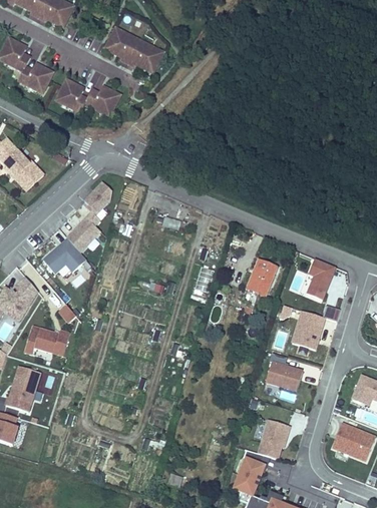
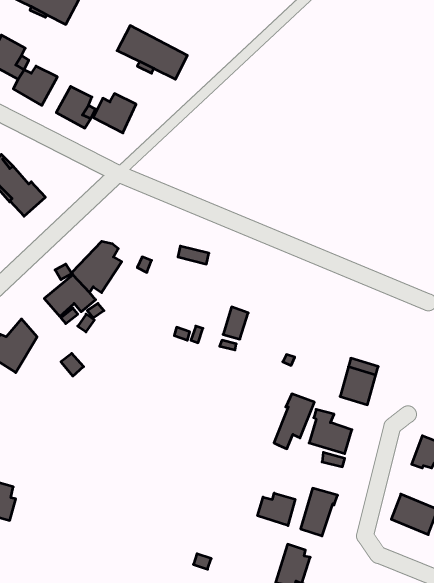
building: [87,180,113,212] -> none
building: [307,257,335,298] -> none
building: [244,260,278,306] -> [274,394,314,449]
building: [24,326,69,354] -> none
building: [10,365,41,403] -> none
building: none -> [258,493,295,526]

